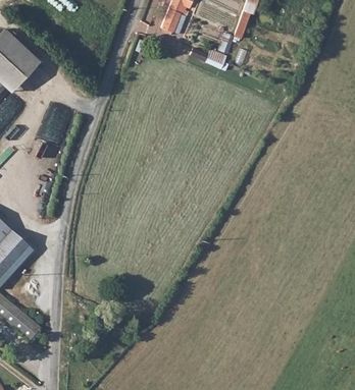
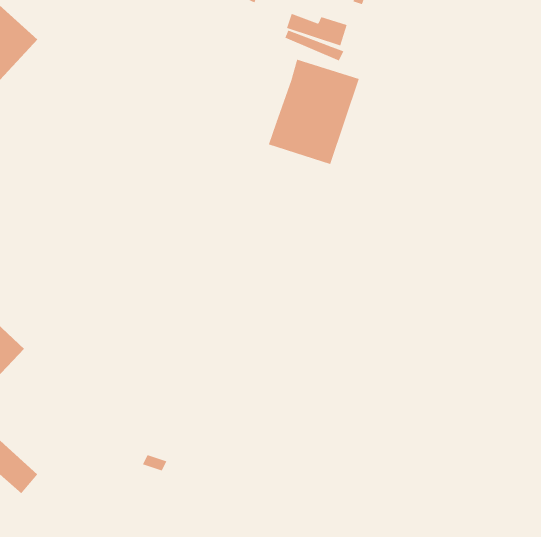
building: none -> [268,59,359,165]

